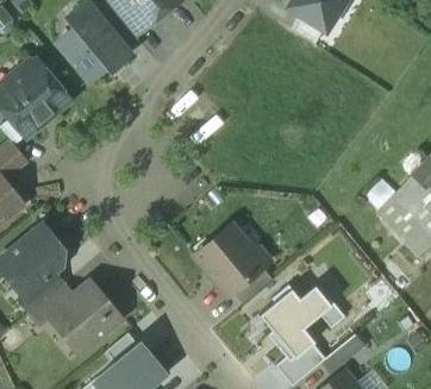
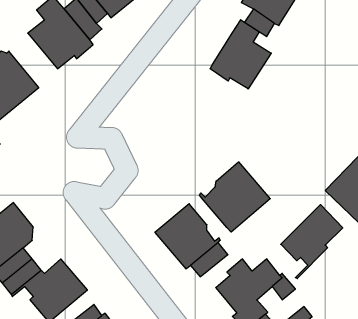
building: none -> [210,20,271,89]
building: none -> [199,162,270,232]
building: none -> [281,205,343,279]

